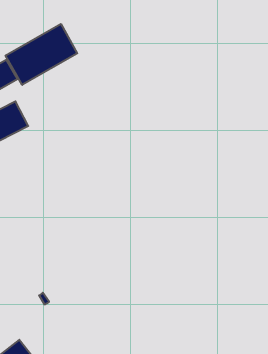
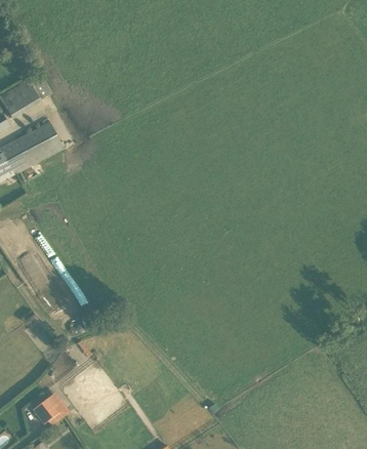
building: [6,24,77,85] -> none

